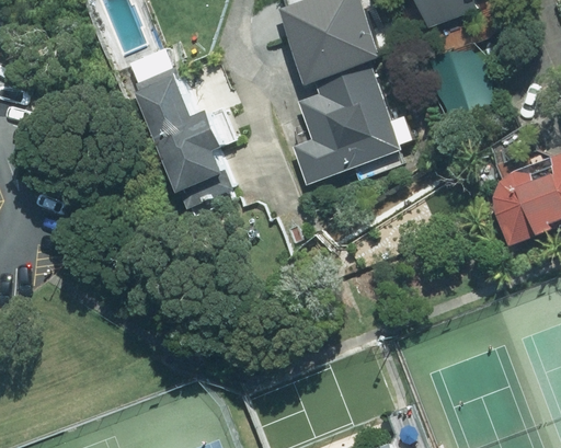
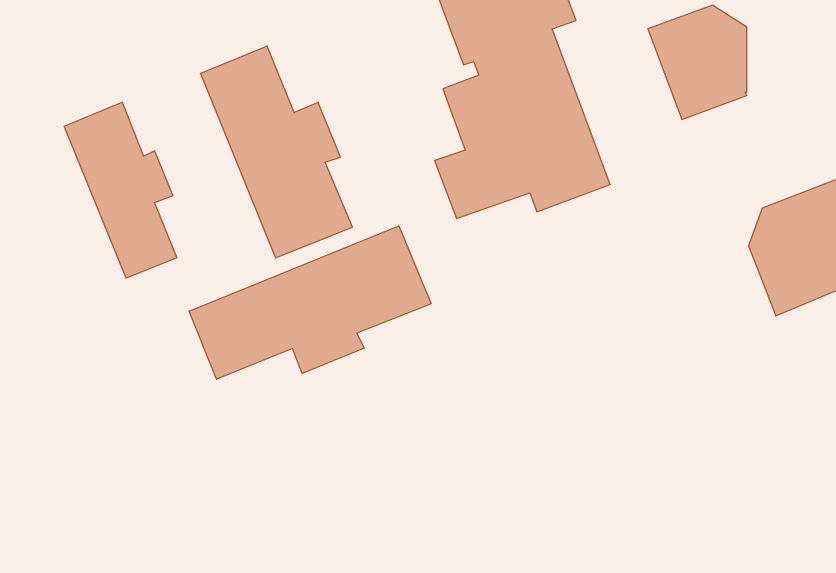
building: none -> [64,102,177,278]
building: none -> [189,226,431,379]

